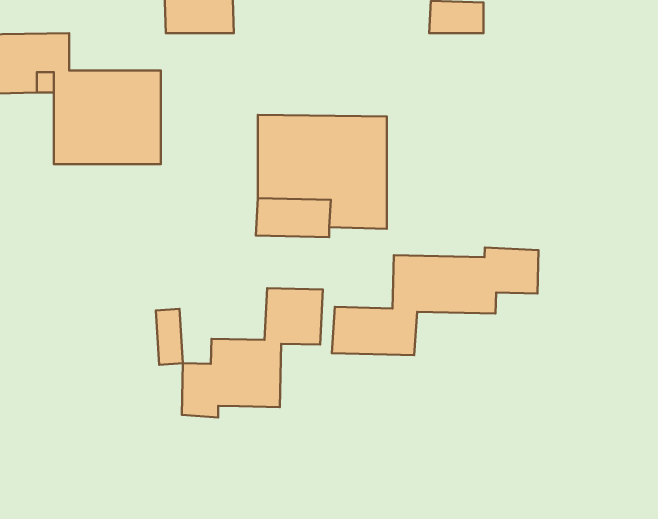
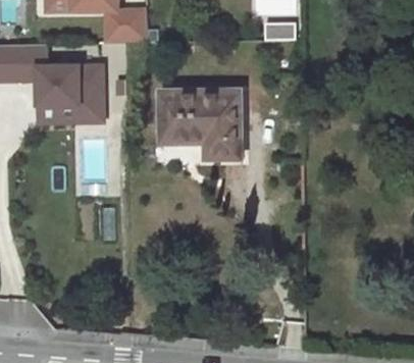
building: [332,247,538,355] -> none
building: [182,288,323,417] -> none

